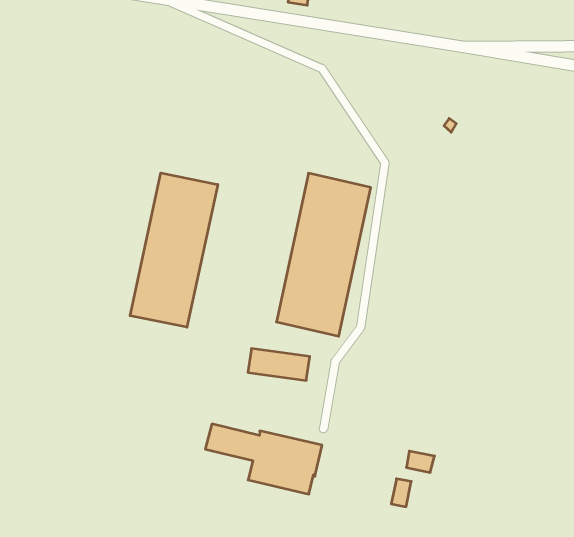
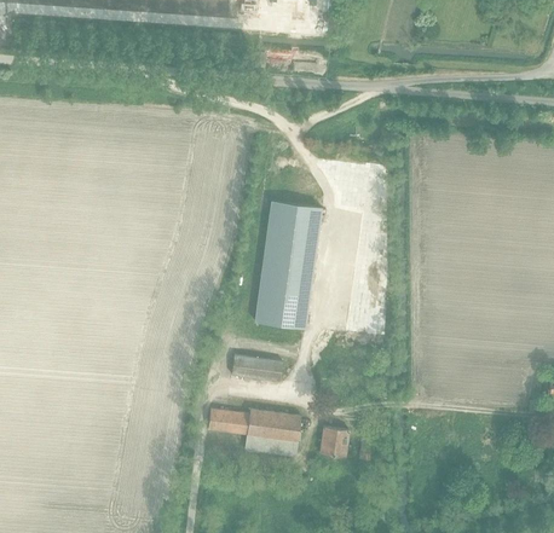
building: [130,173,218,327] -> none
building: none -> [319,428,348,458]

